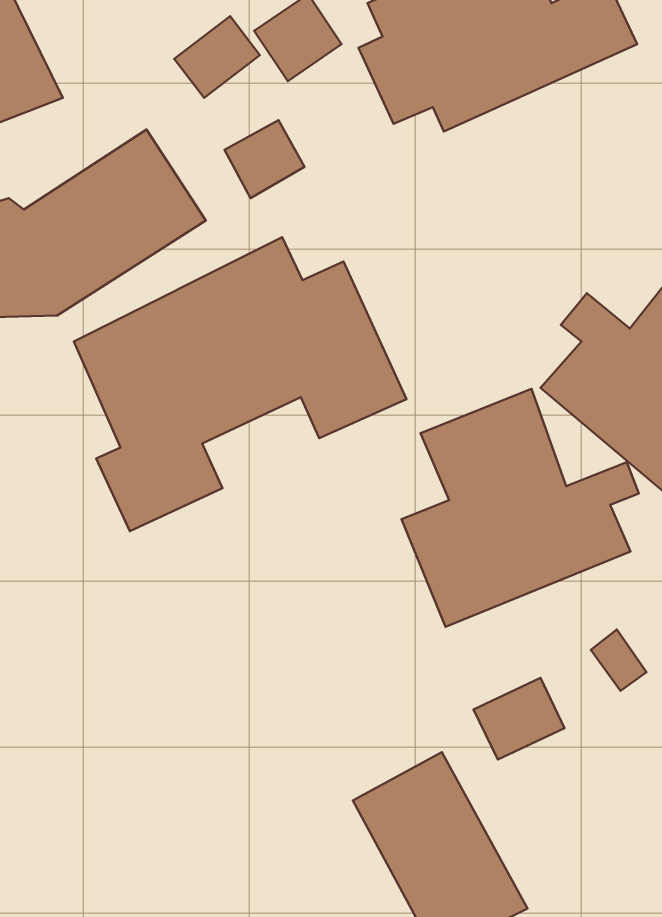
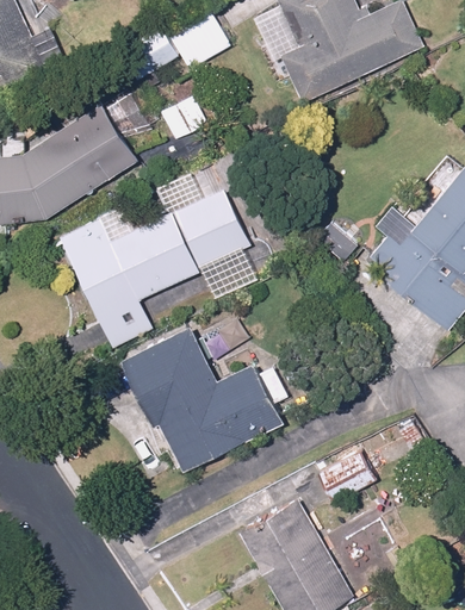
building: [402,389,639,627] -> none
building: none -> [126,325,290,472]

